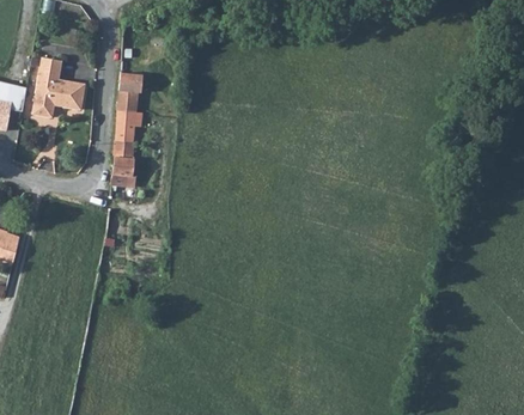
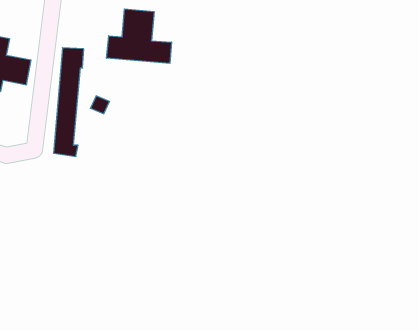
building: none -> [107,9,172,63]

